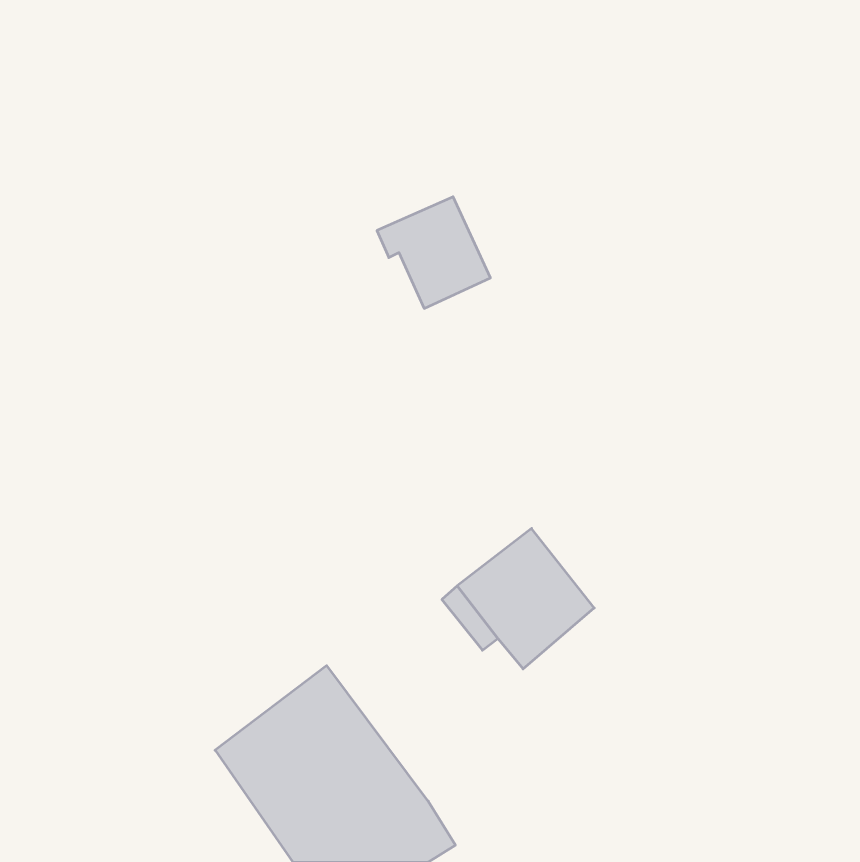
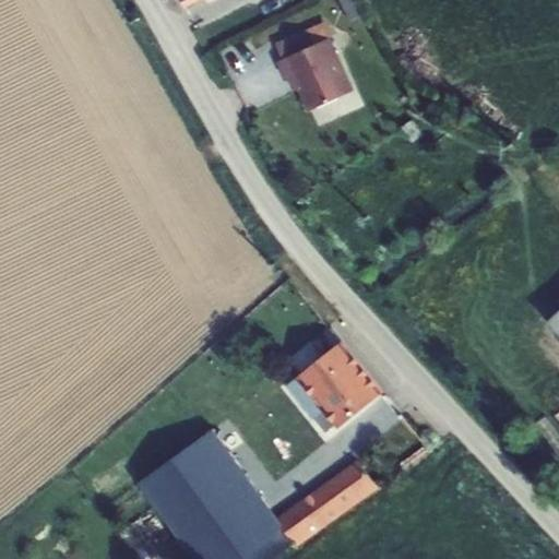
building: [377,197,490,308] -> [276,36,349,108]
building: none -> [276,460,377,546]

